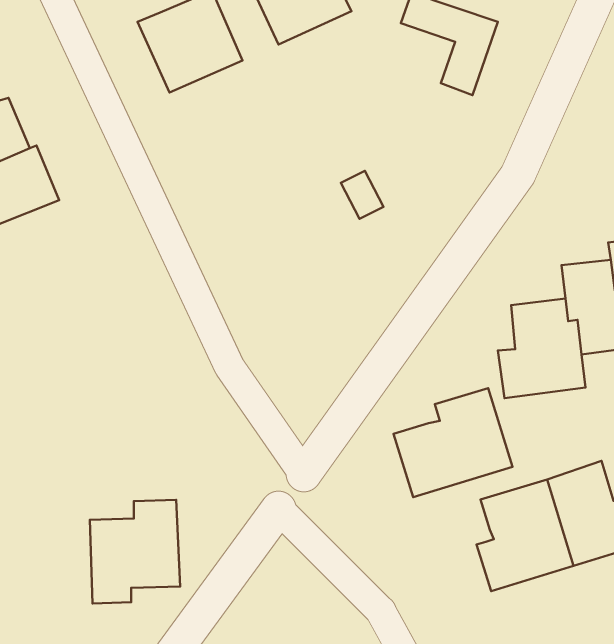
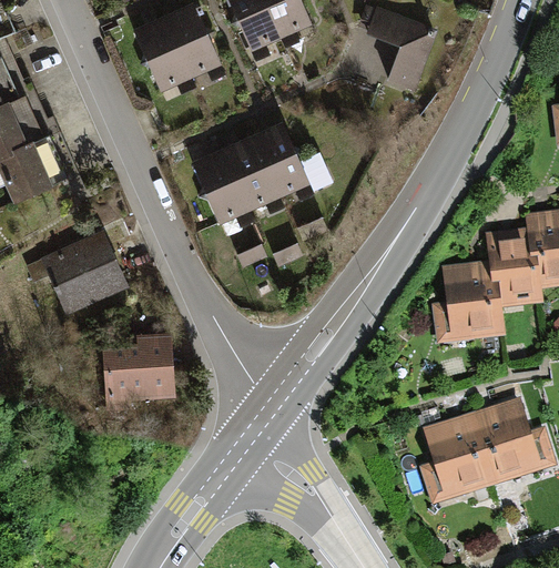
building: none -> [190,123,307,225]
building: none -> [24,232,125,313]
building: [393,388,512,497] -> none
building: [90,500,180,604] -> [98,327,173,414]

